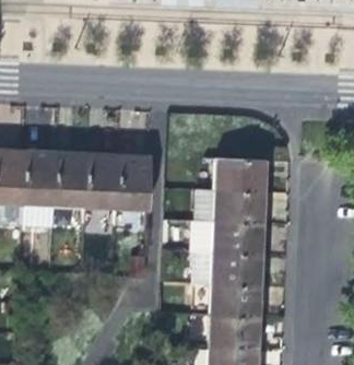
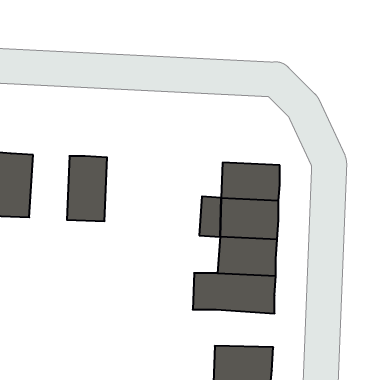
building: [56,154,90,209] -> none
building: [119,156,153,211] -> none
building: [212,284,262,316] -> none

